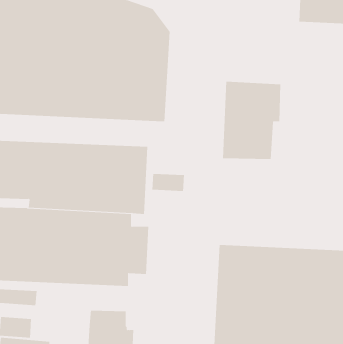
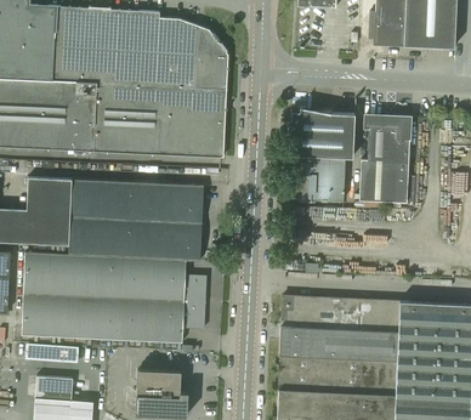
building: none -> [354,114,412,203]
building: [152,173,184,192] -> none

